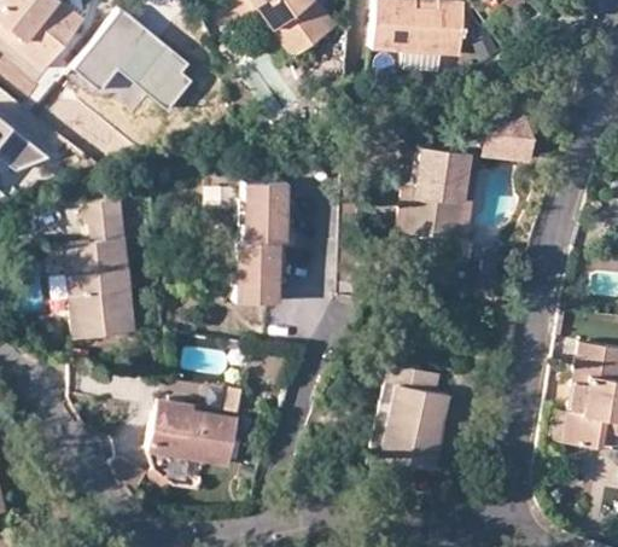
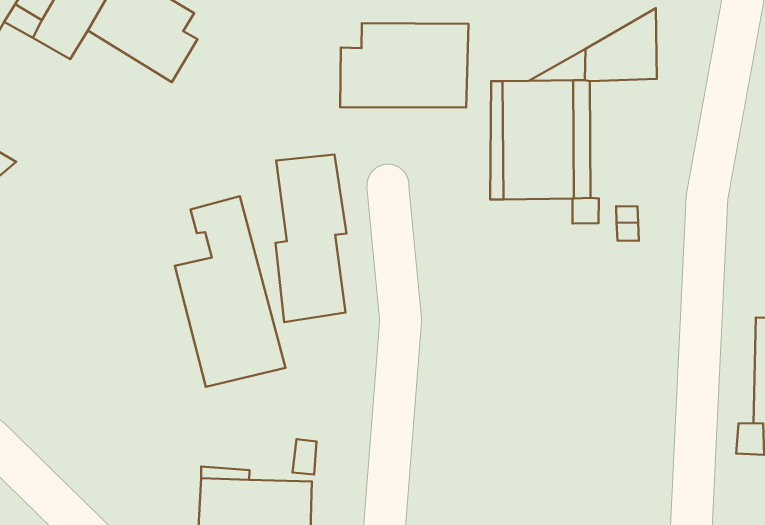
building: none -> [340,23,469,107]
building: [64,200,135,337] -> [175,196,286,387]
building: [371,363,449,470] -> none

